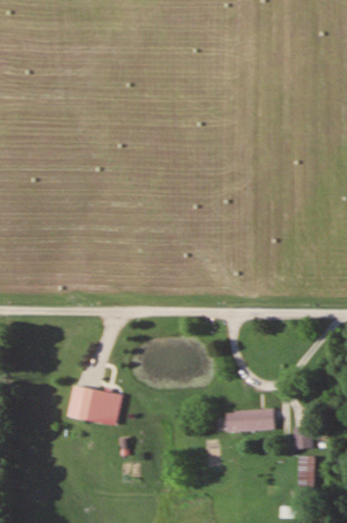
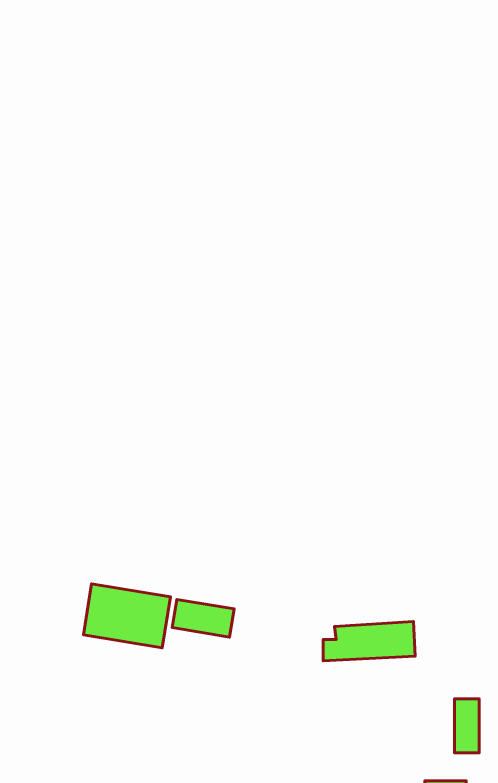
building: none -> [172,599,234,637]
building: [294,427,312,448] -> none

